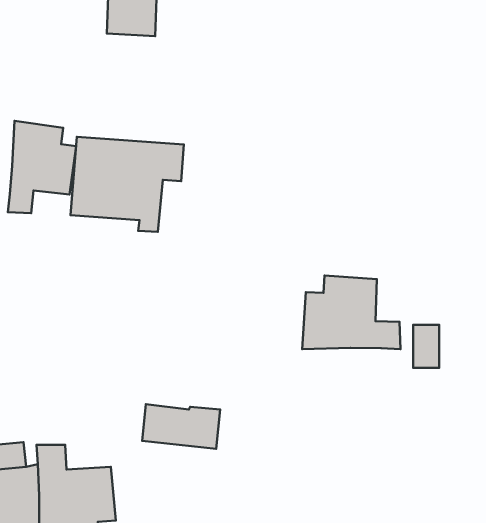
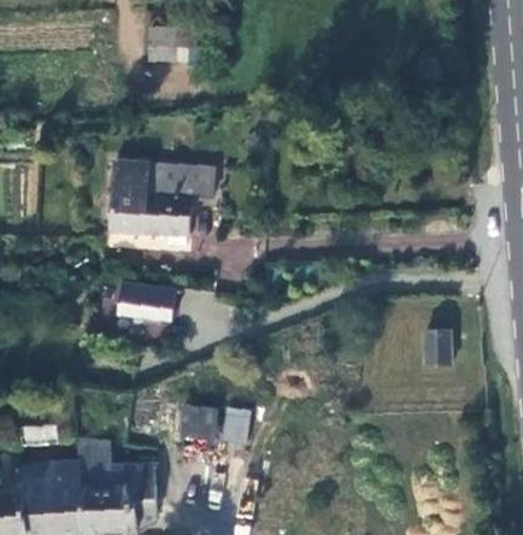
building: [8,121,76,213] -> none
building: none -> [122,283,180,318]
building: [302,276,400,349] -> none

